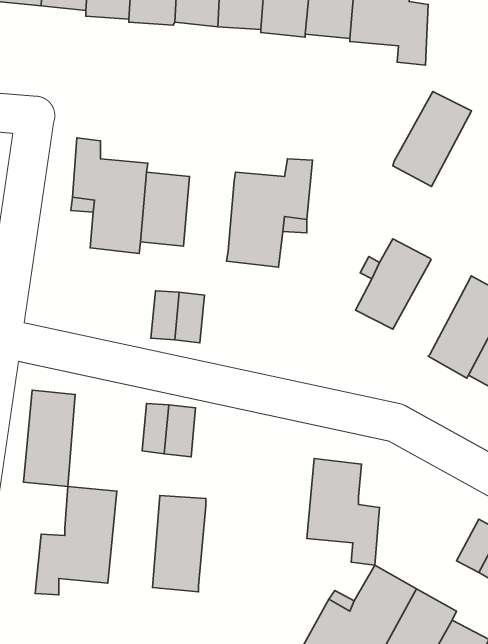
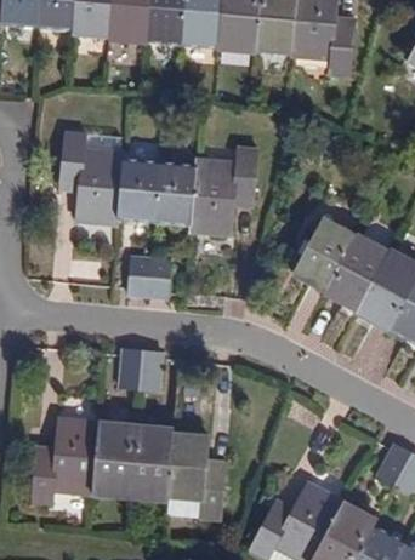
building: [393,92,471,186] -> [322,232,386,309]
building: none -> [152,164,193,224]
building: [23,390,75,487] -> [90,421,132,499]
building: [307,458,379,565] -> [164,433,223,520]

